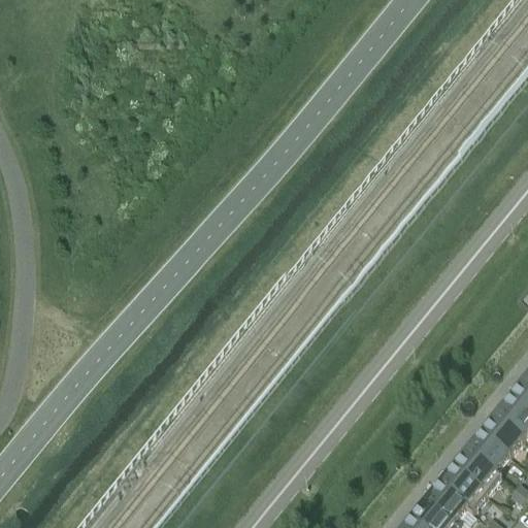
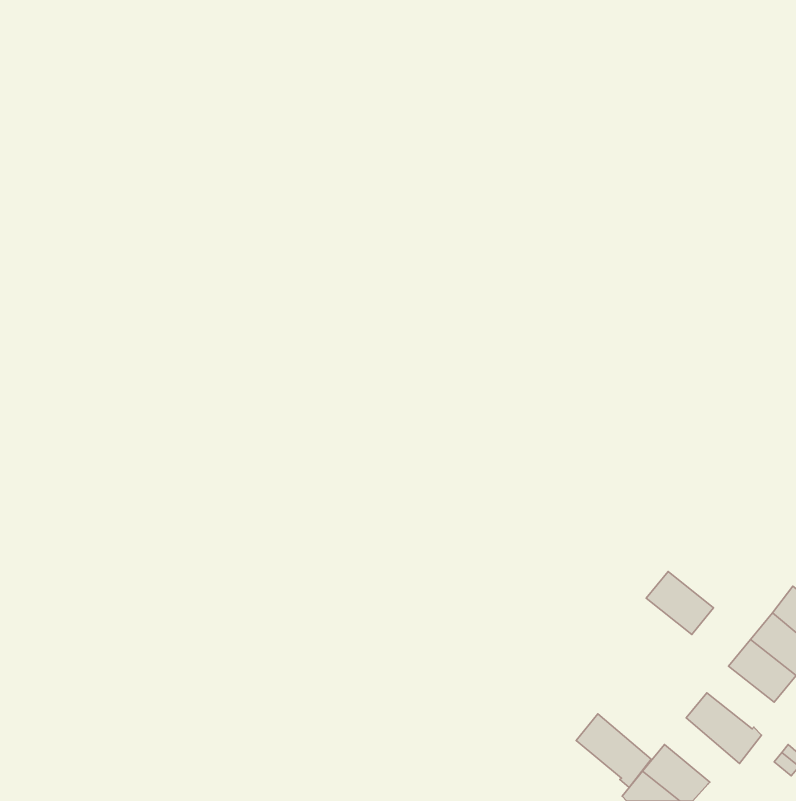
building: [468,438,513,480] -> [646,572,714,634]
building: [440,472,490,521] -> [576,714,651,787]

